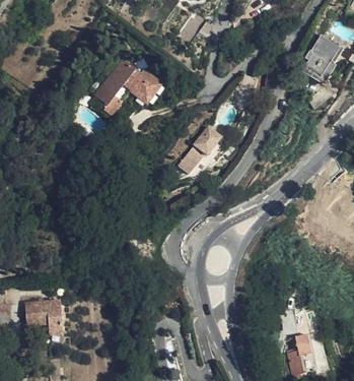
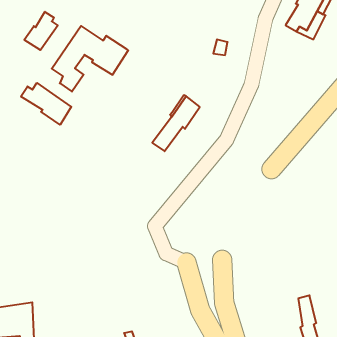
building: none -> [24,12,58,50]
building: none -> [21,83,71,125]

